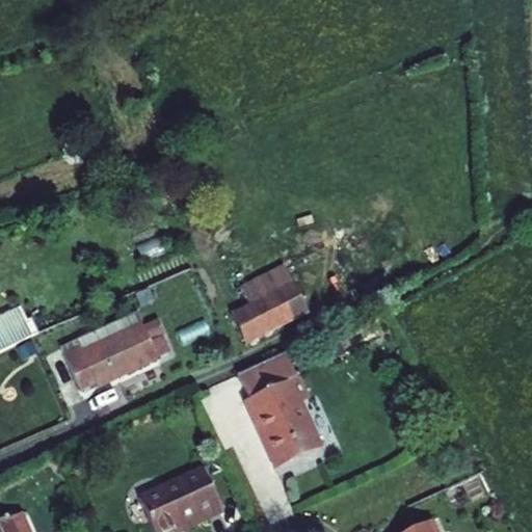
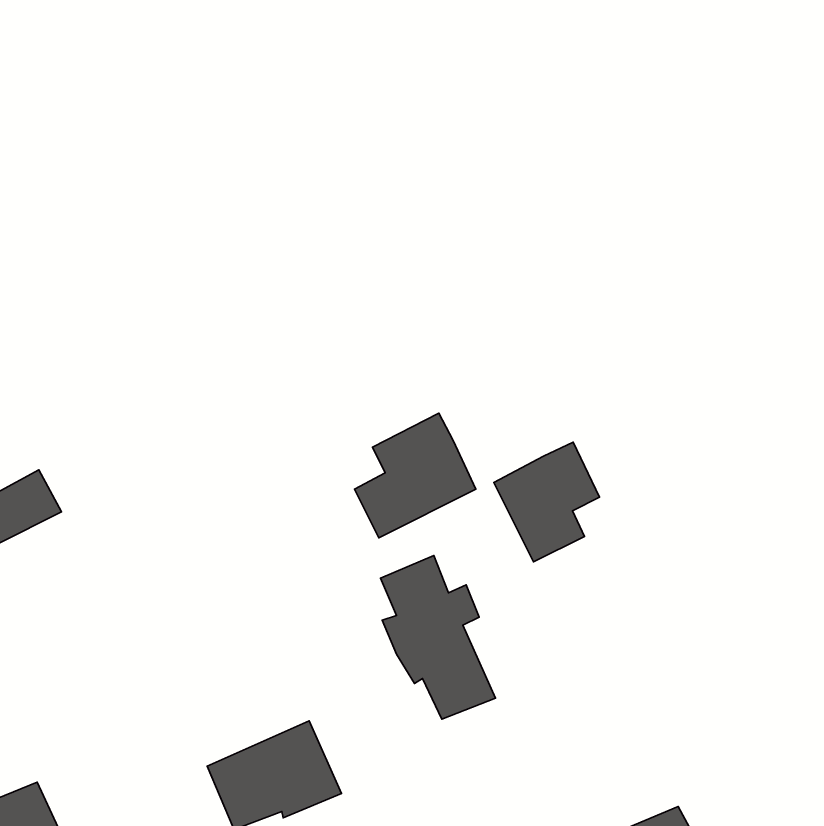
building: none -> [494,442,600,562]
building: [69,323,159,385] -> none

